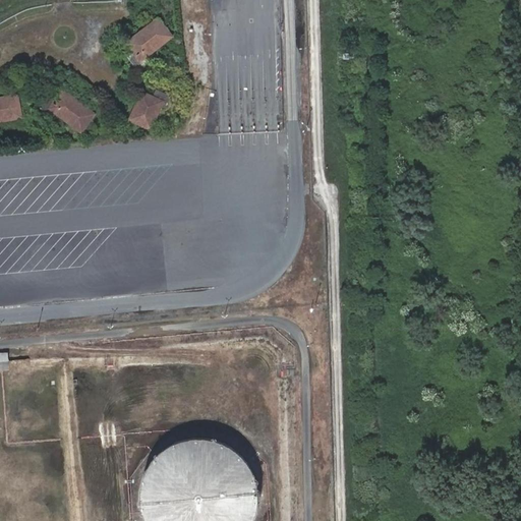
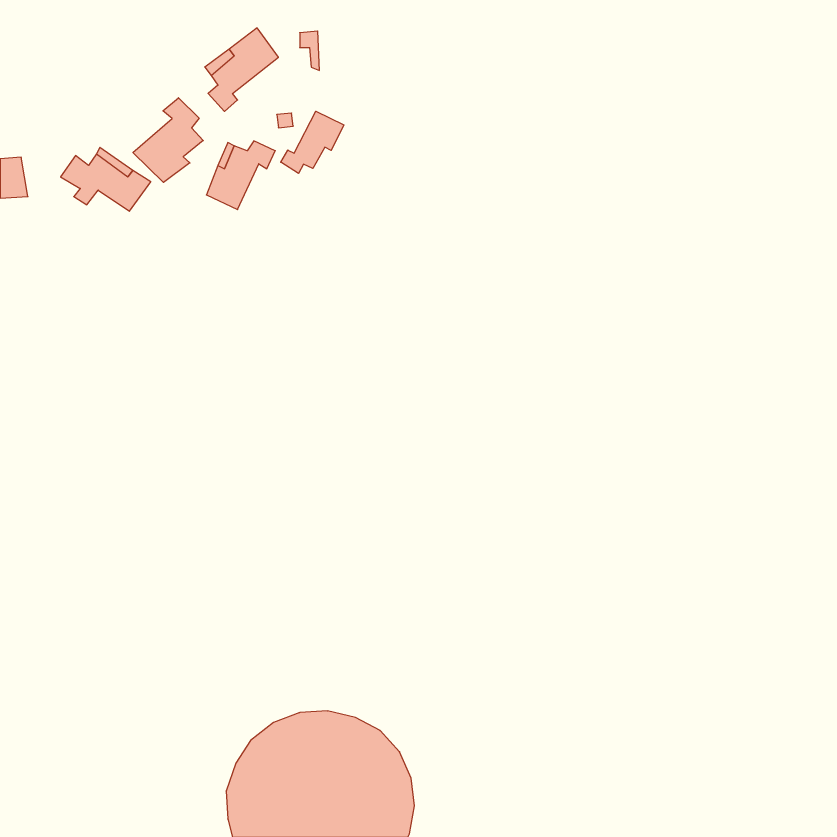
building: none -> [133,98,203,182]
building: none -> [281,111,344,173]

